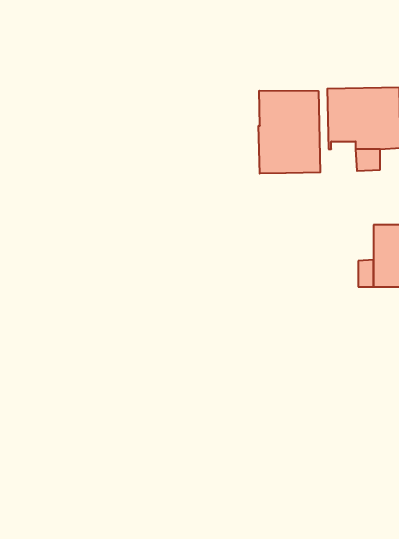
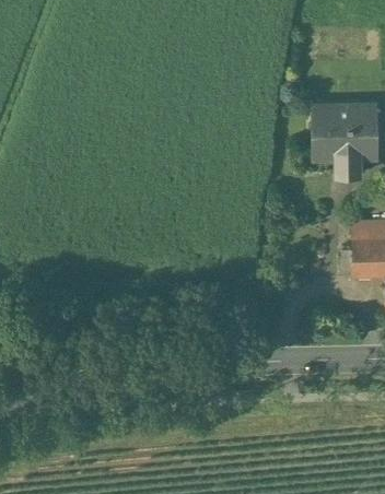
building: [259,91,320,174] -> none

